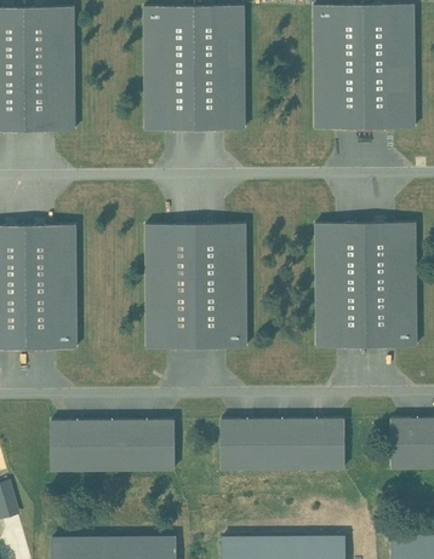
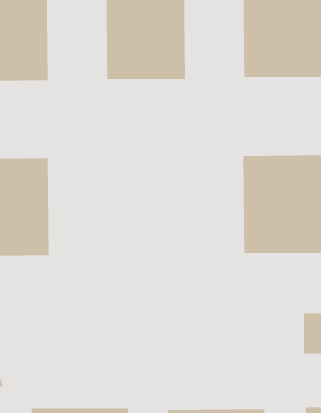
building: [147,221,246,344] -> none
building: [221,416,343,468] -> none
building: [52,419,175,471] -> none

